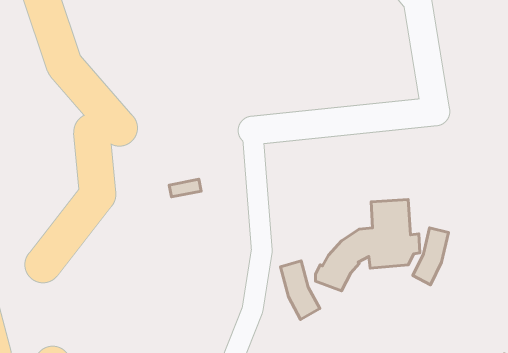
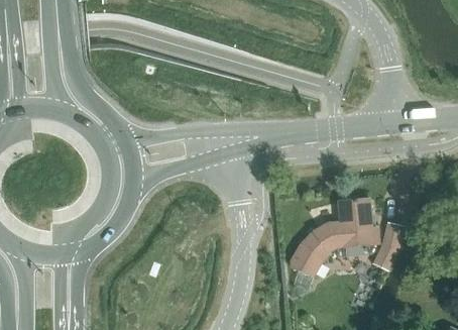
building: [280,261,320,319] -> none

